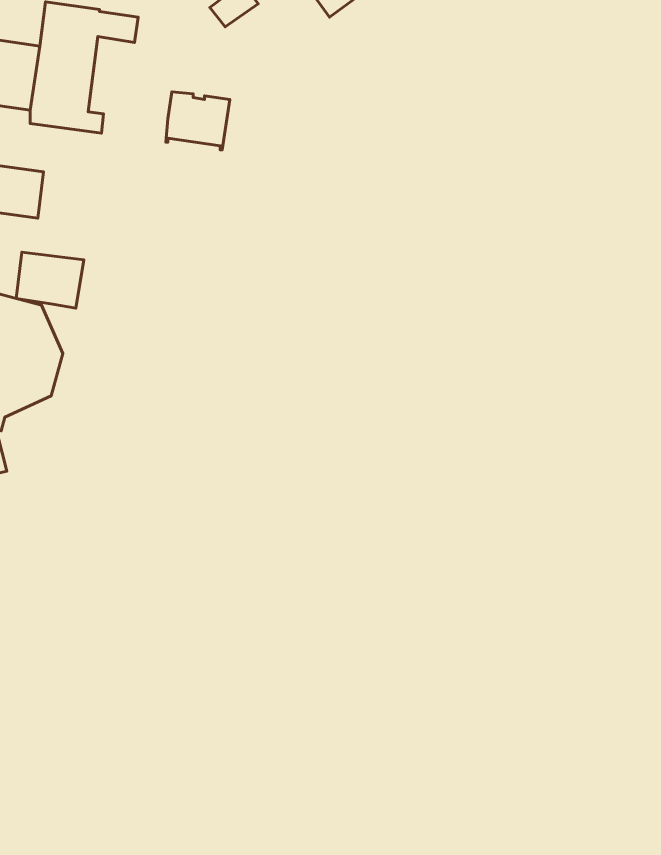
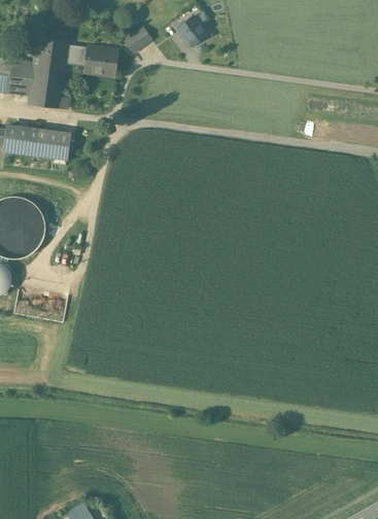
building: [166,92,230,150] -> [82,45,116,76]
building: [16,252,84,308] -> [32,129,68,159]

